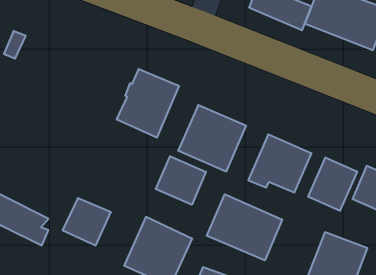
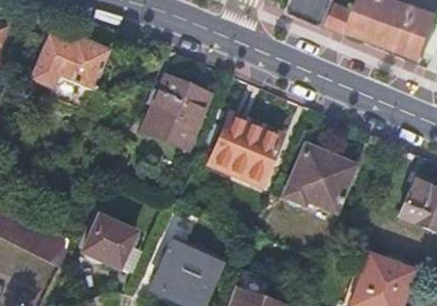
building: none -> [29,36,109,112]
building: [156,156,206,205] -> none
building: [308,157,357,211] -> none
building: [207,194,282,260] -> none

